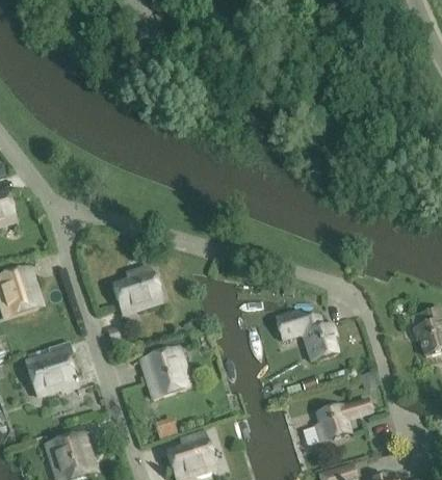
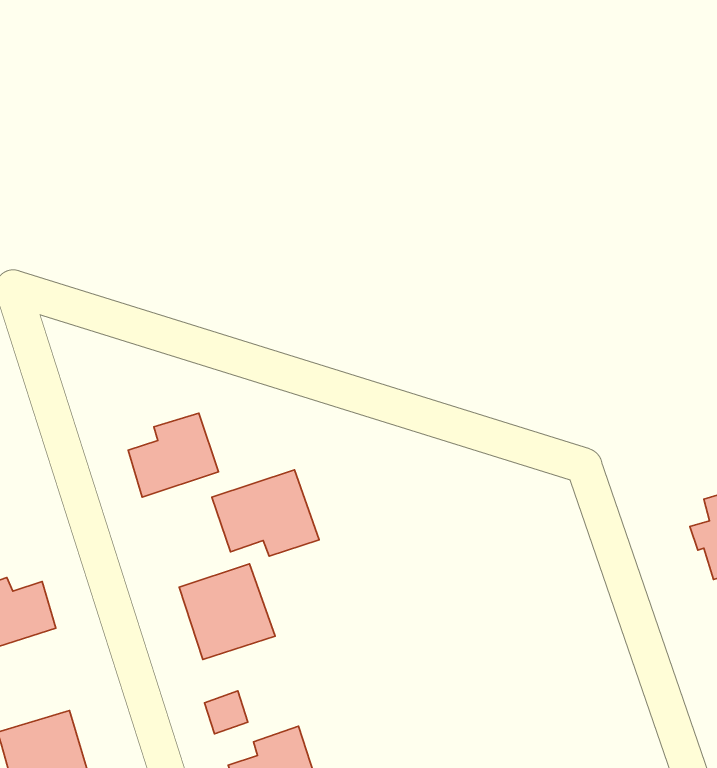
building: none -> [212,470,319,556]
building: [274,310,338,362] -> none
building: [316,400,371,442] -> none

